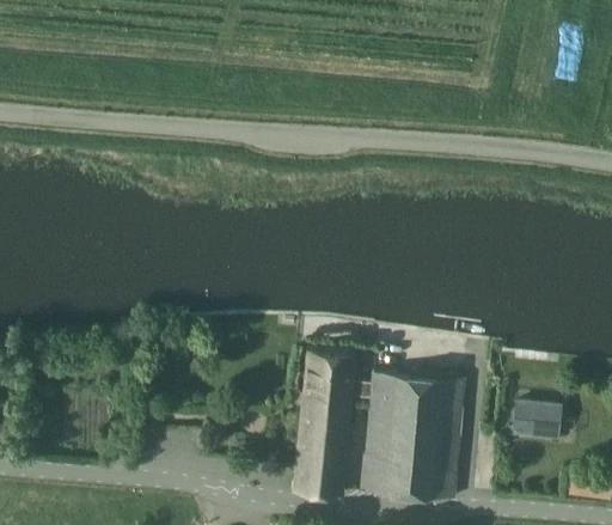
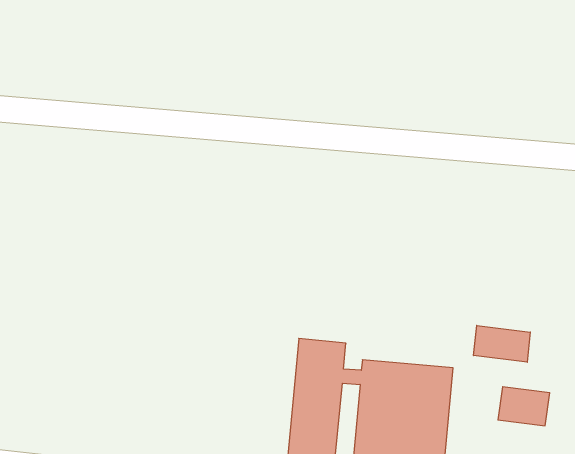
building: none -> [474,325,530,362]

